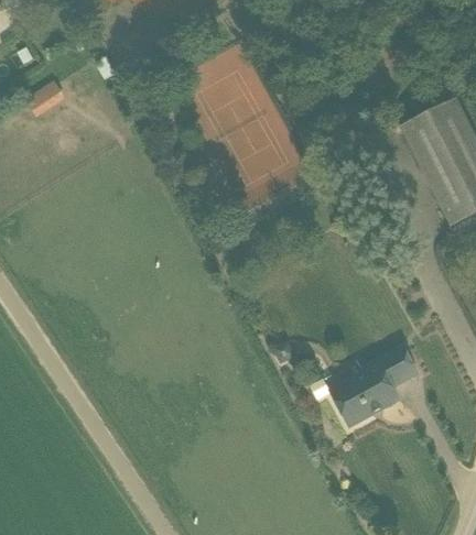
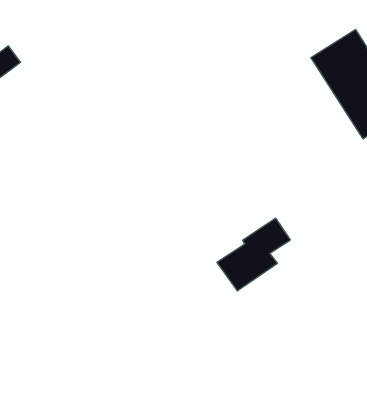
building: [329,346,416,425] -> [217,218,290,291]

